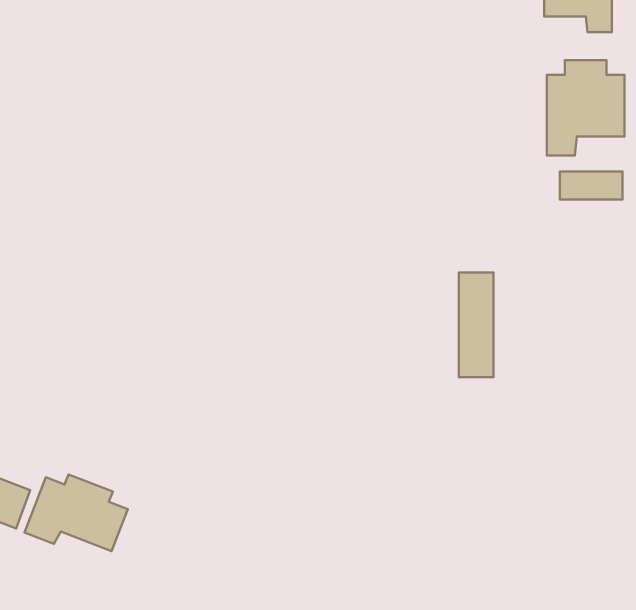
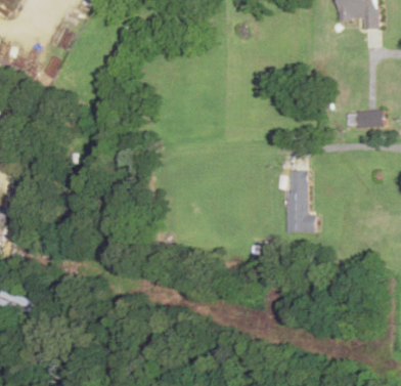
building: [547,60,625,156] -> none
building: [24,474,128,551] -> none

